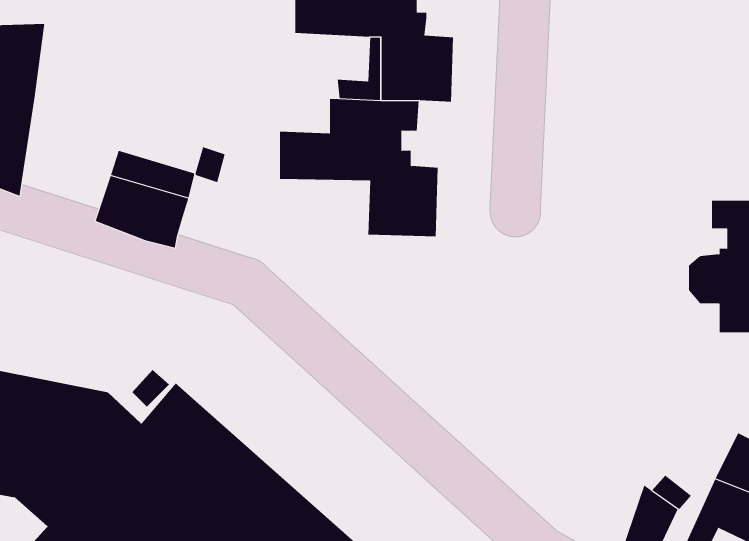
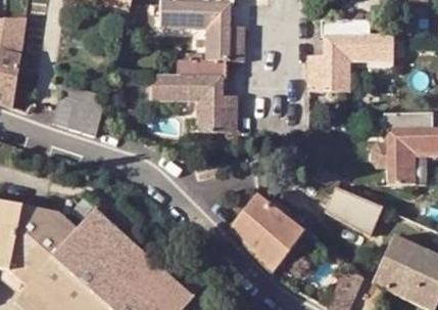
building: none -> [308,15,393,88]
building: none -> [326,185,383,235]
building: none -> [229,194,304,273]

